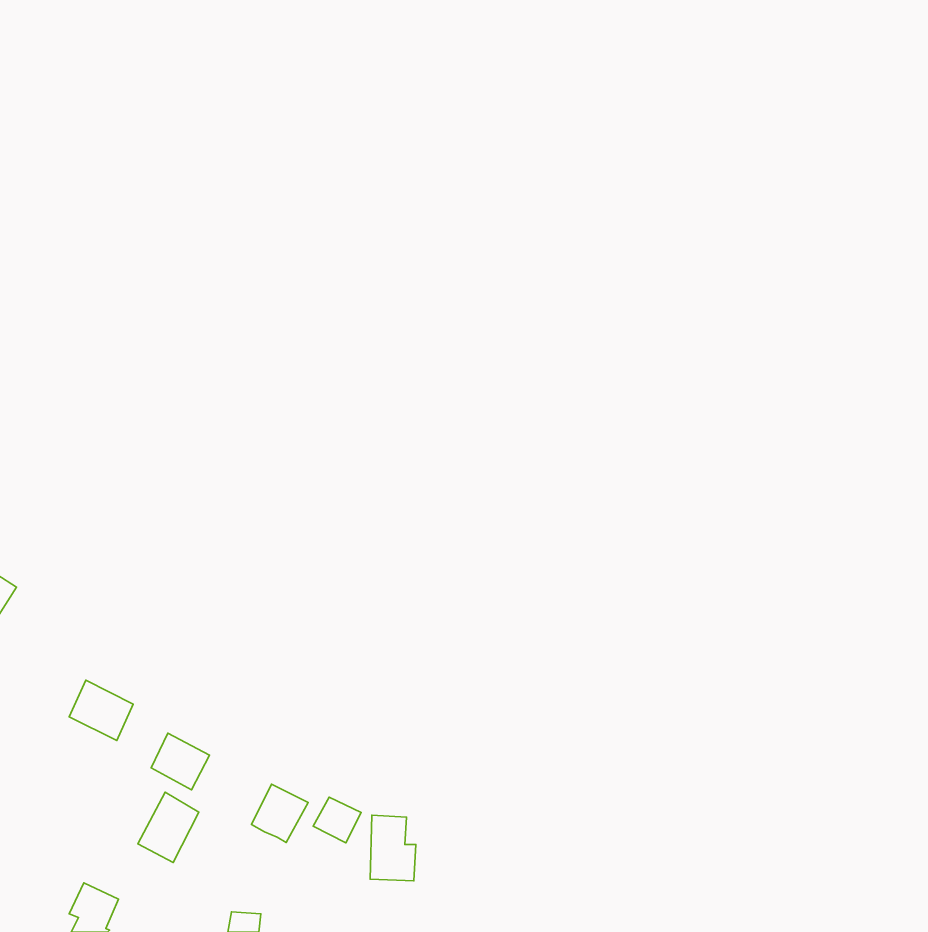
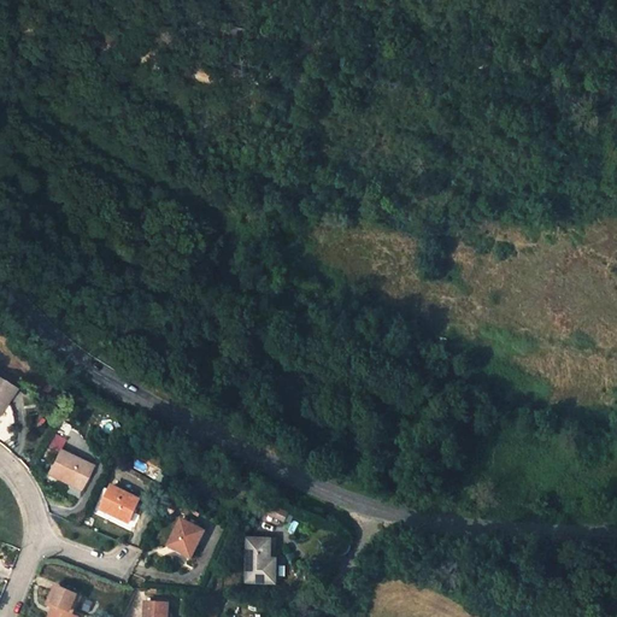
building: [138,792,199,862] -> none
building: [313,797,361,843] -> none

